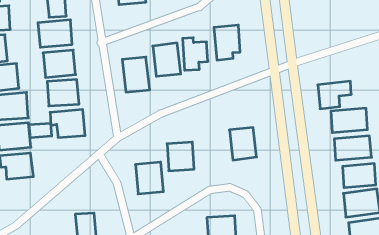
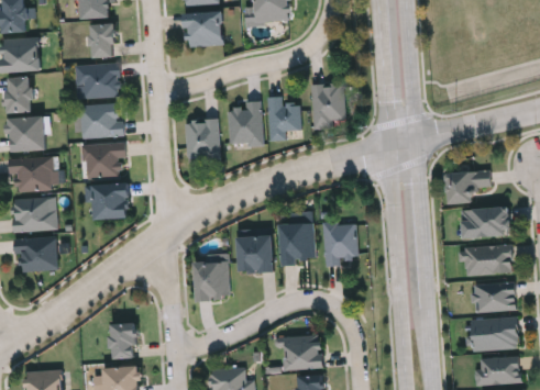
building: [29,123,52,138] -> none
building: none -> [280,224,315,265]

